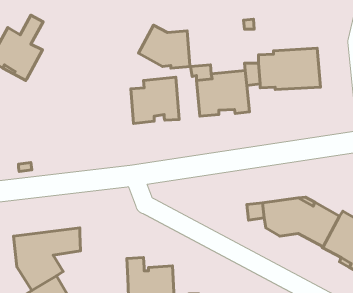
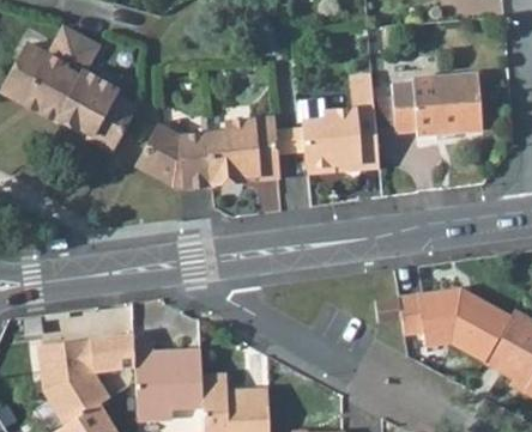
building: none -> [58,36,137,151]
building: [138,25,191,68] -> [138,124,213,187]
building: none -> [134,342,204,421]

